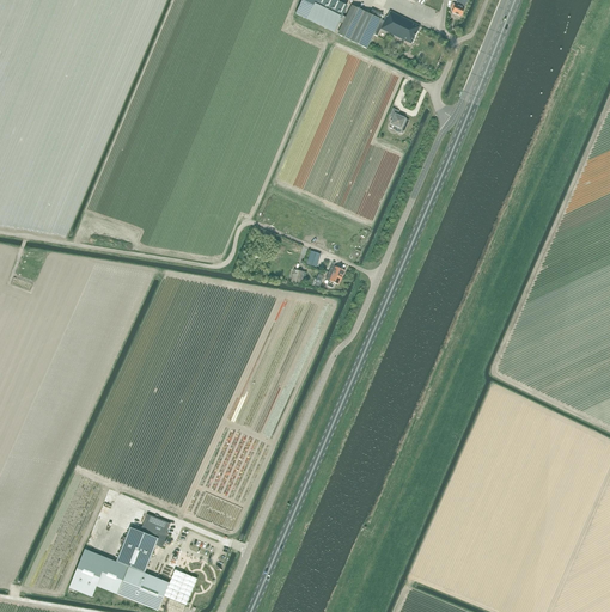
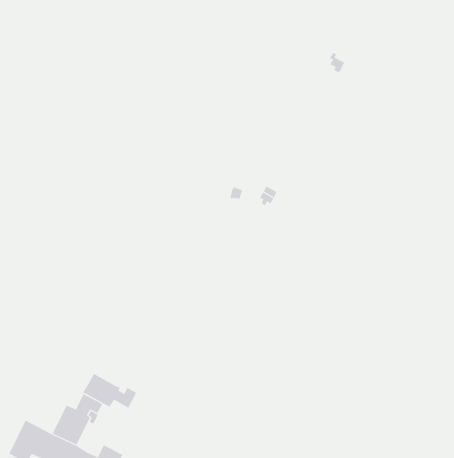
building: none -> [82,373,137,408]

